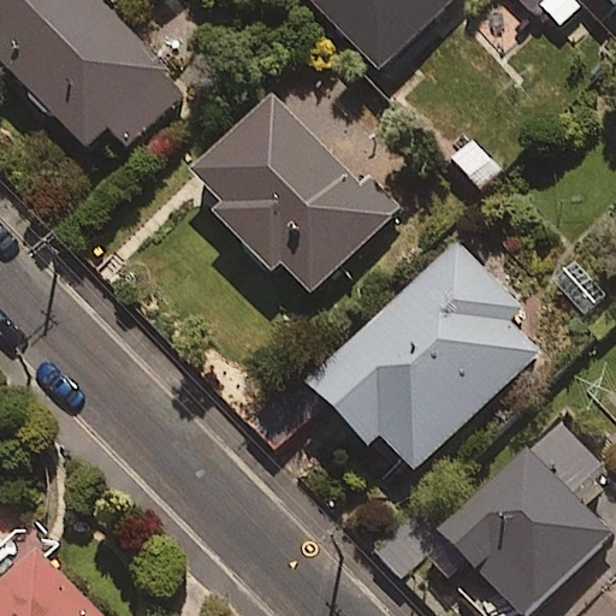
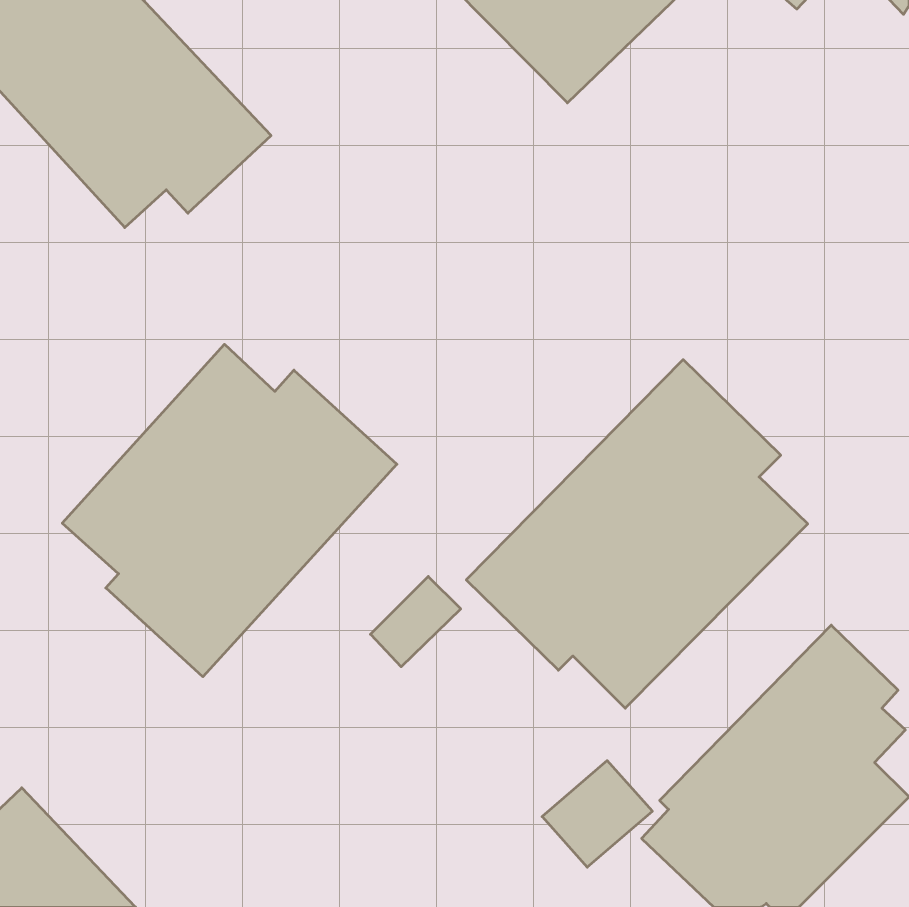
building: [194,93,393,294] -> none
building: none -> [62,344,397,677]

